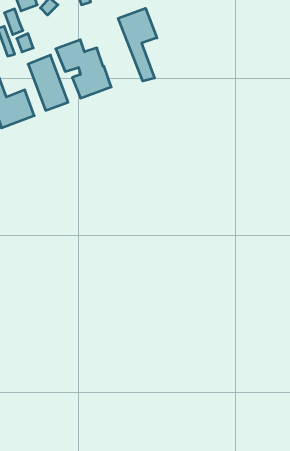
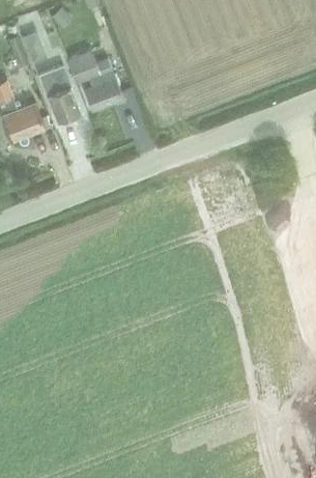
building: [118,8,157,81] -> none

